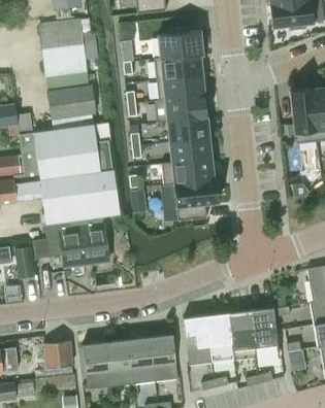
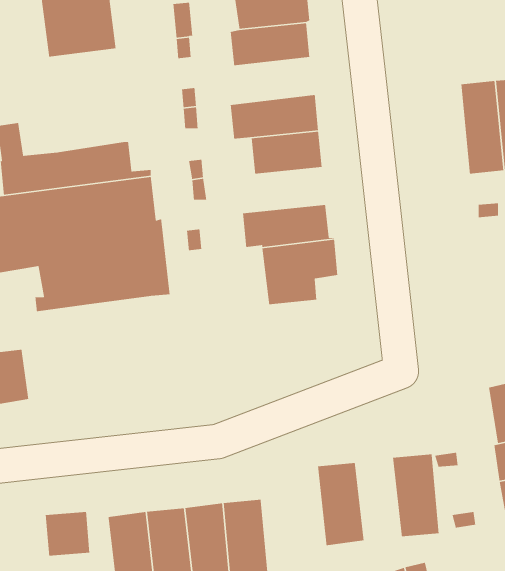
building: [155,73,205,101] -> none
building: [48,84,95,117] -> none
building: [162,138,212,165] -> none
building: [40,219,109,266] -> none
building: [229,309,256,359] -> none
building: [184,314,212,365] -> none

